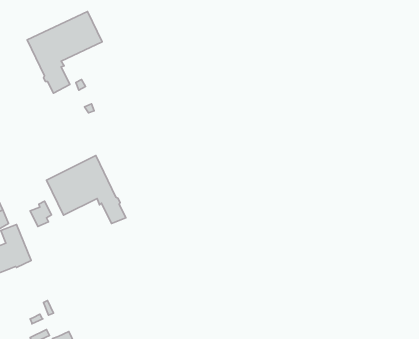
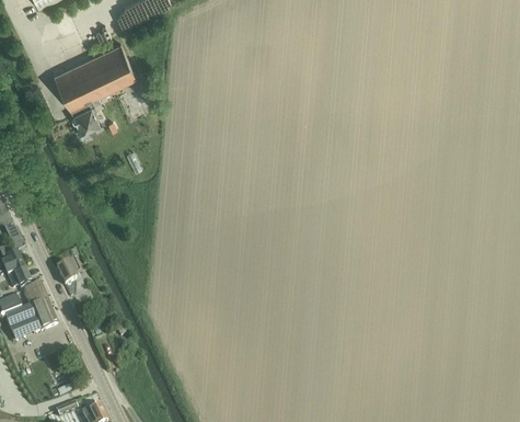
building: [46,156,126,224] -> none

